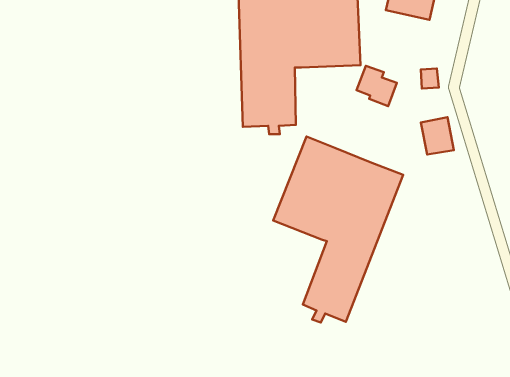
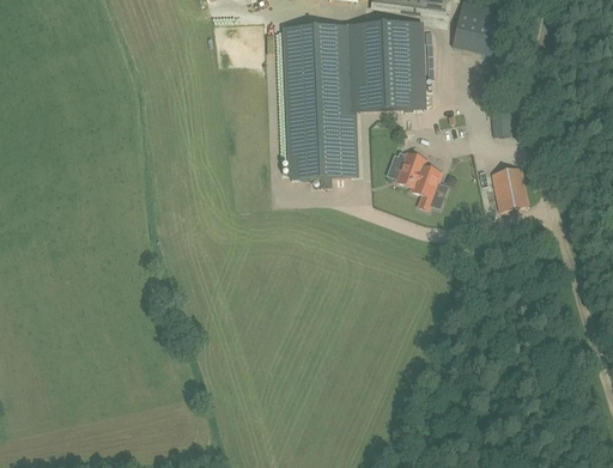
building: [356,66,397,106] -> [395,151,441,196]
building: [273,137,403,322] -> none

